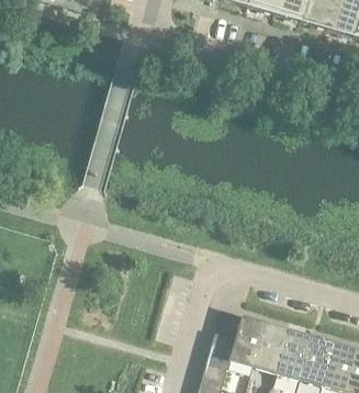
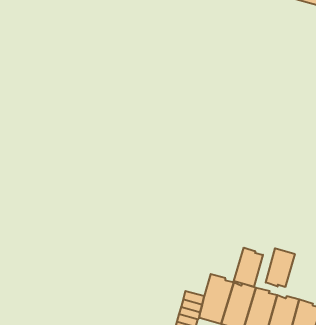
building: none -> [234,248,263,287]
building: none -> [266,248,295,287]

